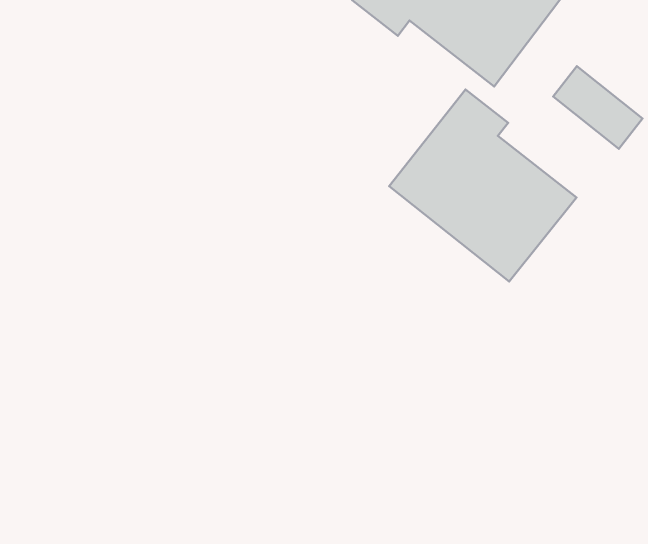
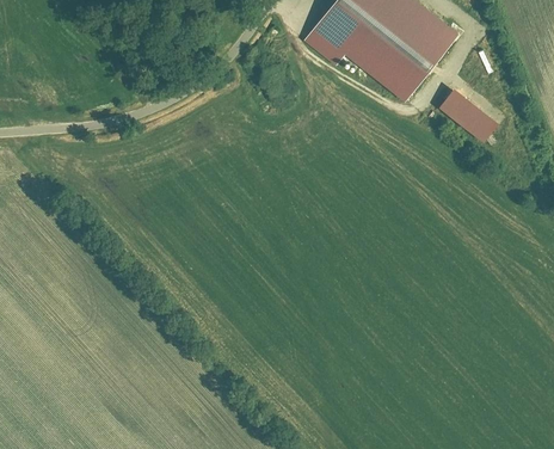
building: [389,89,577,282] -> none

